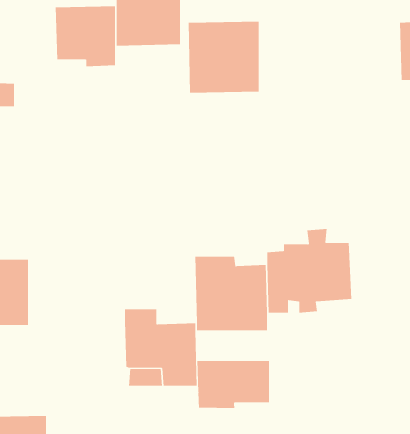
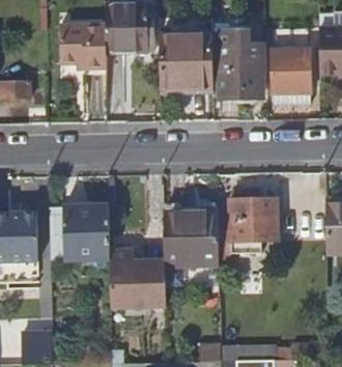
building: none -> [212,26,265,98]
building: none -> [272,48,310,105]
building: none -> [51,204,111,259]
building: [197,360,270,409] -> none

